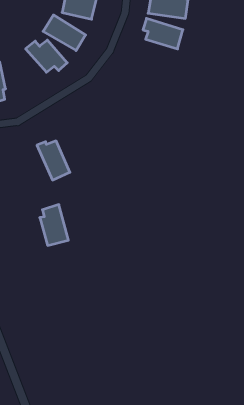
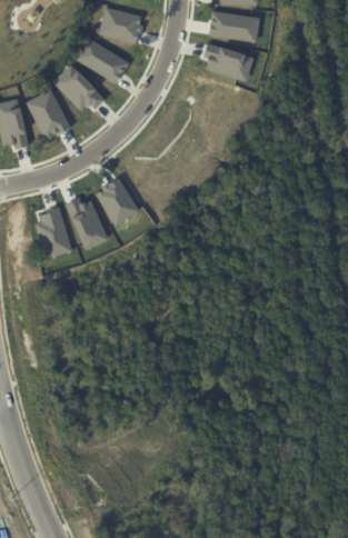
building: none -> [26,89,70,141]
building: none -> [95,179,139,227]
building: [40,205,68,245] -> [34,207,71,259]

